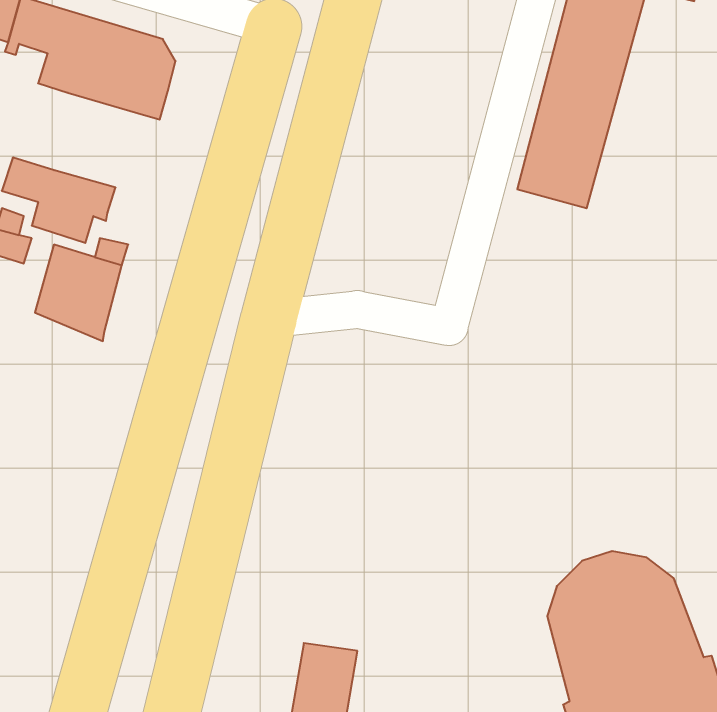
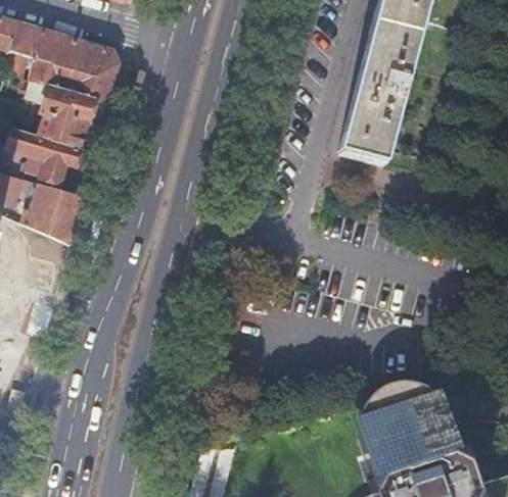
building: none -> [41,86,95,147]

